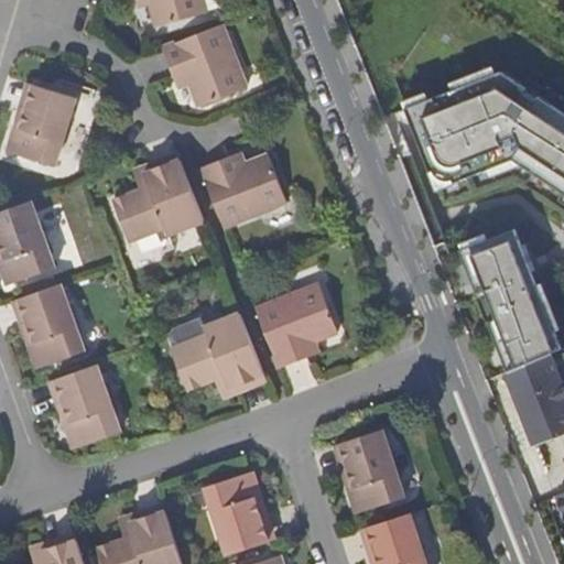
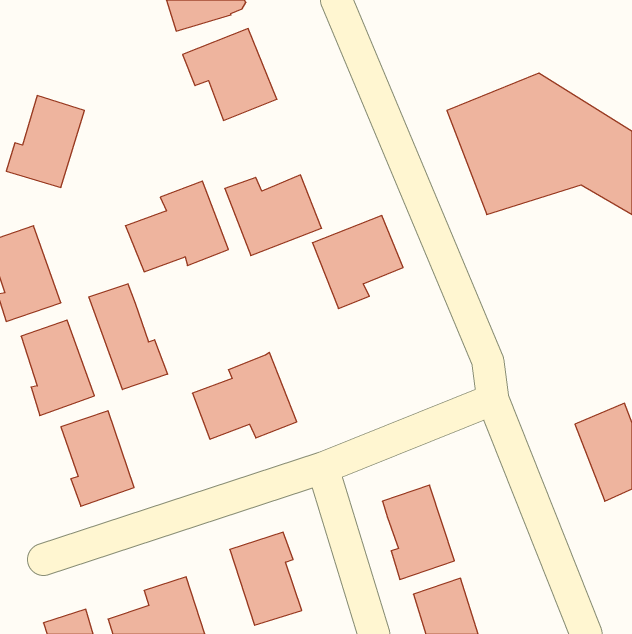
building: [464,223,553,357] -> none
building: none -> [89,284,168,390]
building: [256,285,336,368] -> [312,216,403,309]

